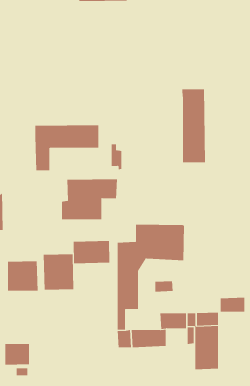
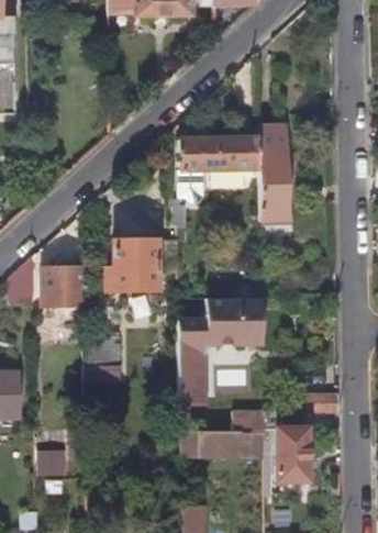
building: [35,125,99,171] -> [178,138,259,197]
building: [73,240,110,264] -> none
building: [7,261,38,291] -> [44,266,84,304]

